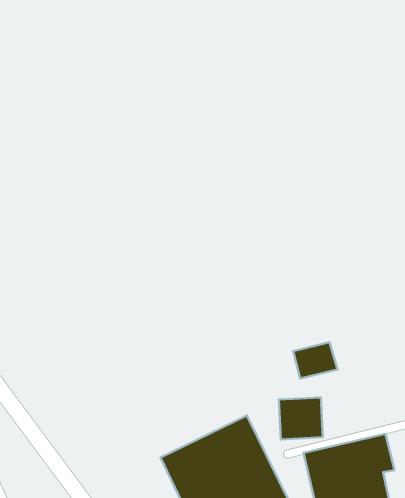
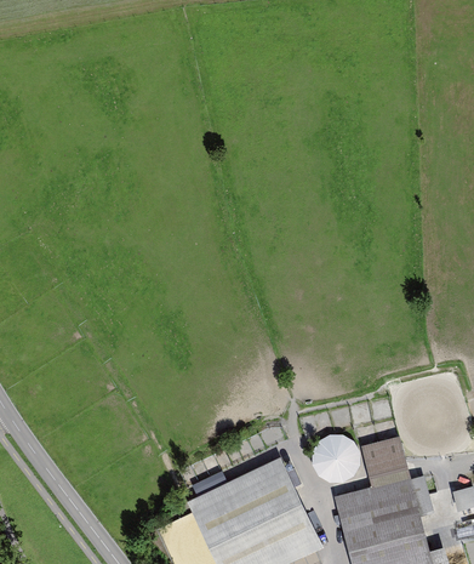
building: [293,342,338,378] -> [359,437,406,475]

